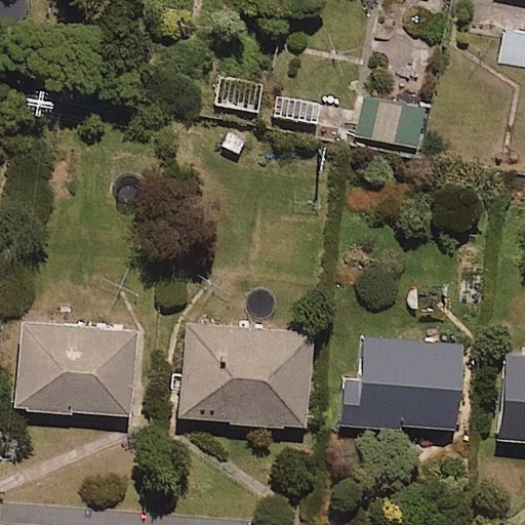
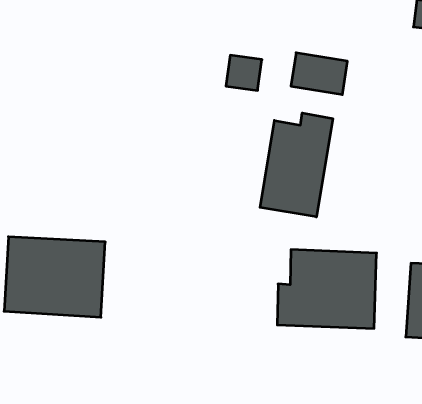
building: none -> [260,113,333,217]
building: [178,323,313,429] -> none

